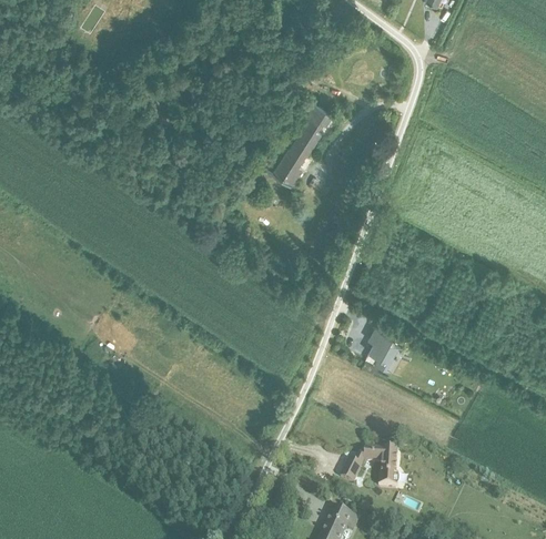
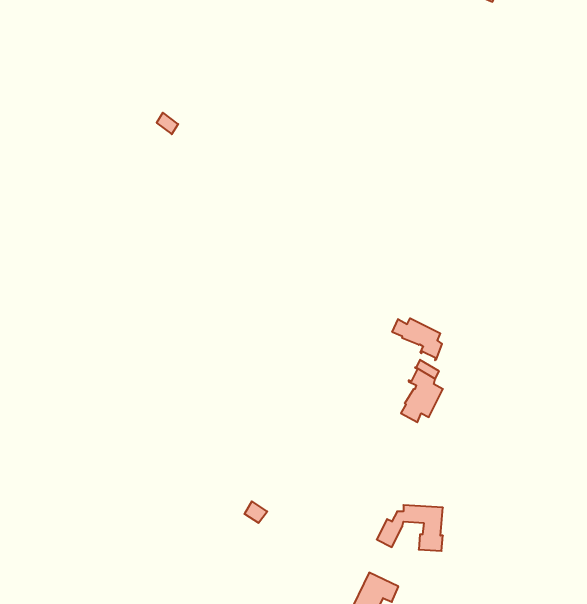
building: [274,95,327,182] -> none
building: none -> [392,318,442,360]

